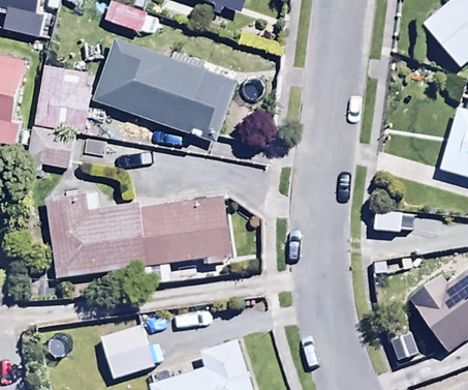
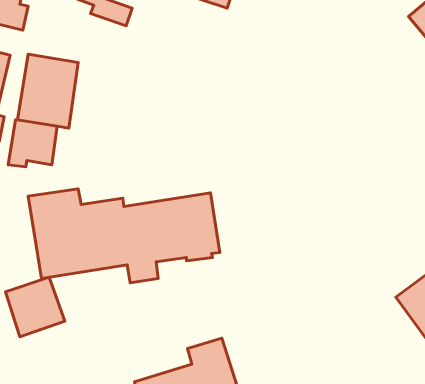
building: [92,34,239,141] -> none
building: [97,322,156,381] -> [5,277,65,337]

